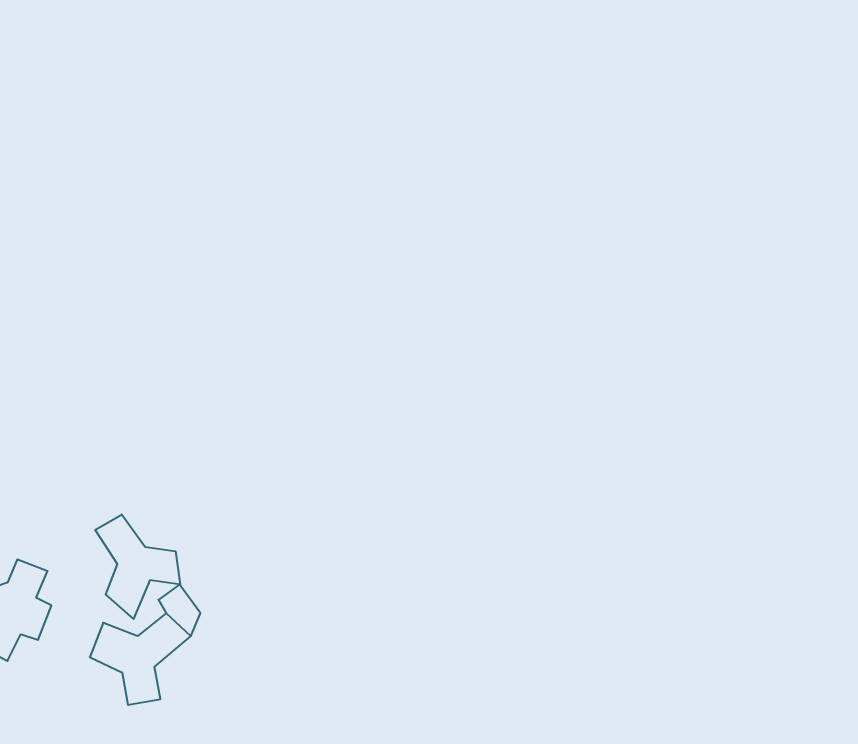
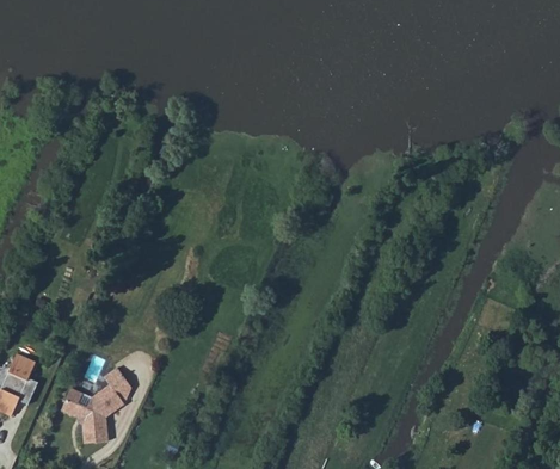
building: [95,514,180,619] -> none

